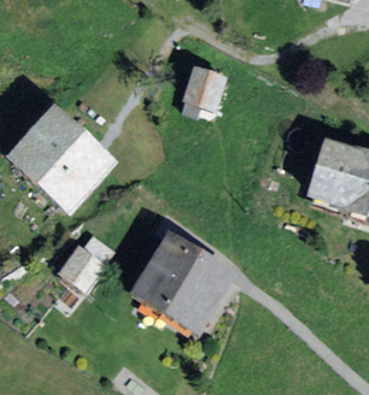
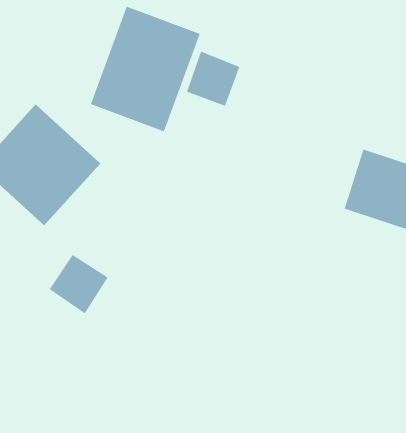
building: none -> [90,6,201,132]
building: [128,226,230,325] -> none

